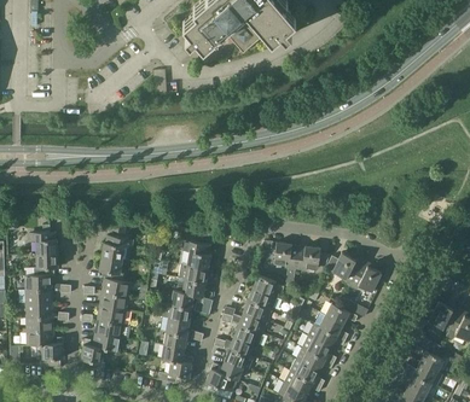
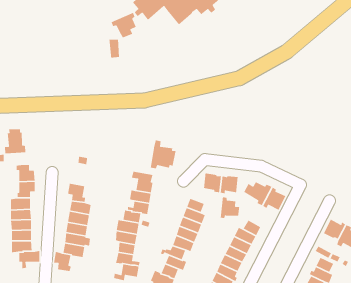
building: none -> [110,12,137,39]
building: none -> [4,128,26,154]
building: none -> [150,140,176,169]
building: [101,237,134,262] -> none
building: none -> [220,197,240,219]

